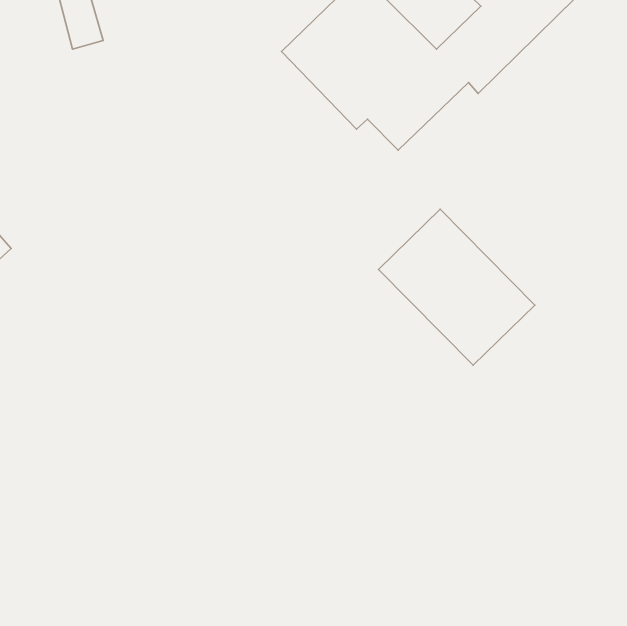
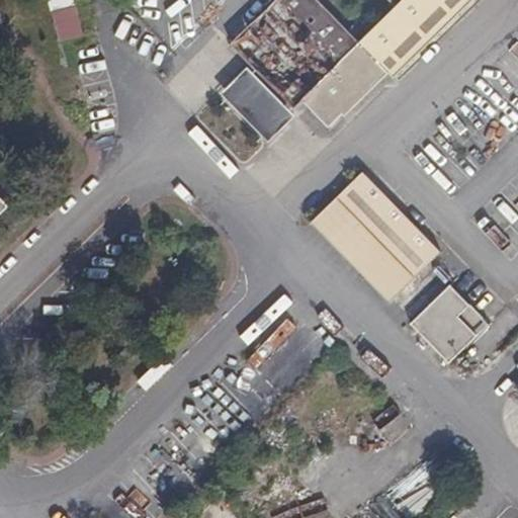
building: none -> [221,67,295,141]
building: none -> [407,283,487,363]

